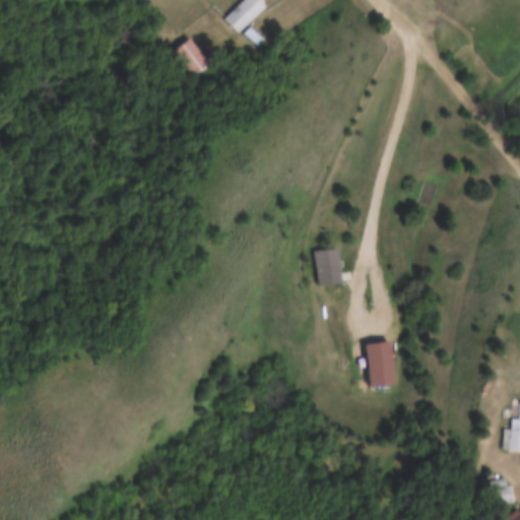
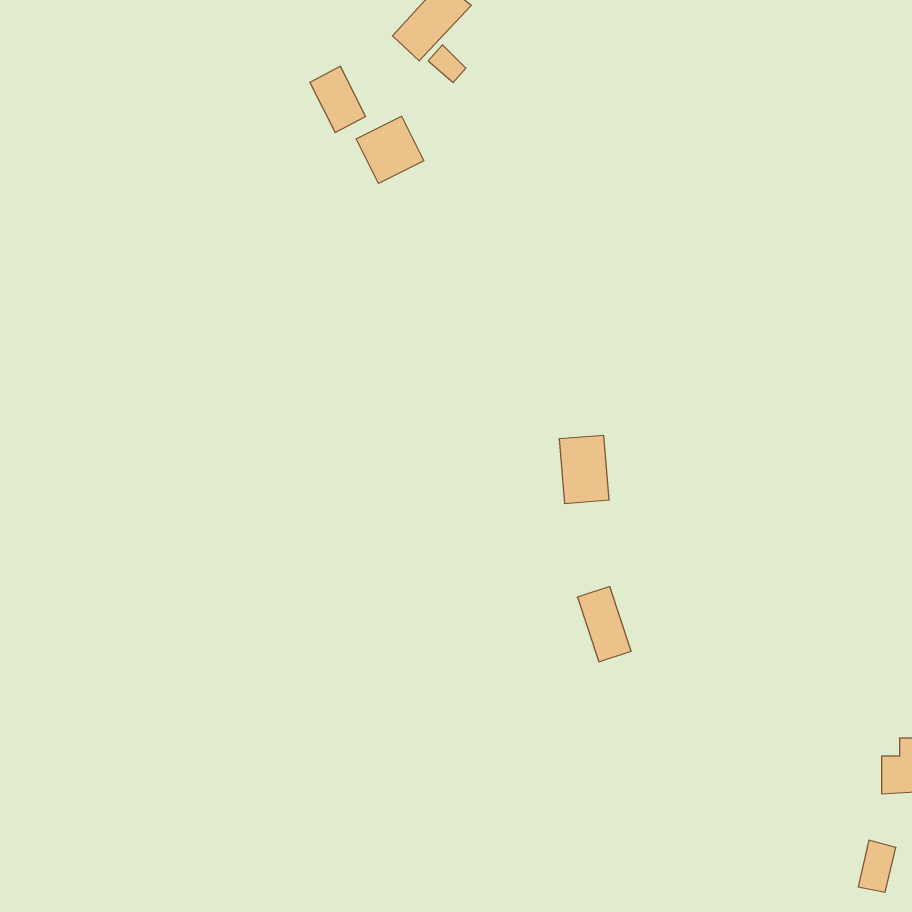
building: none -> [356,116,424,183]
building: [360,342,390,385] -> [577,587,631,662]

